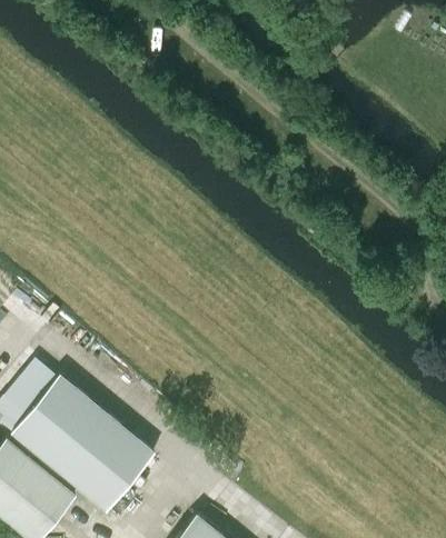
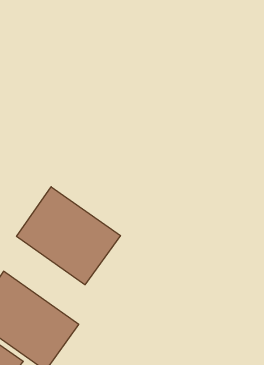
building: none -> [17,187,120,285]

